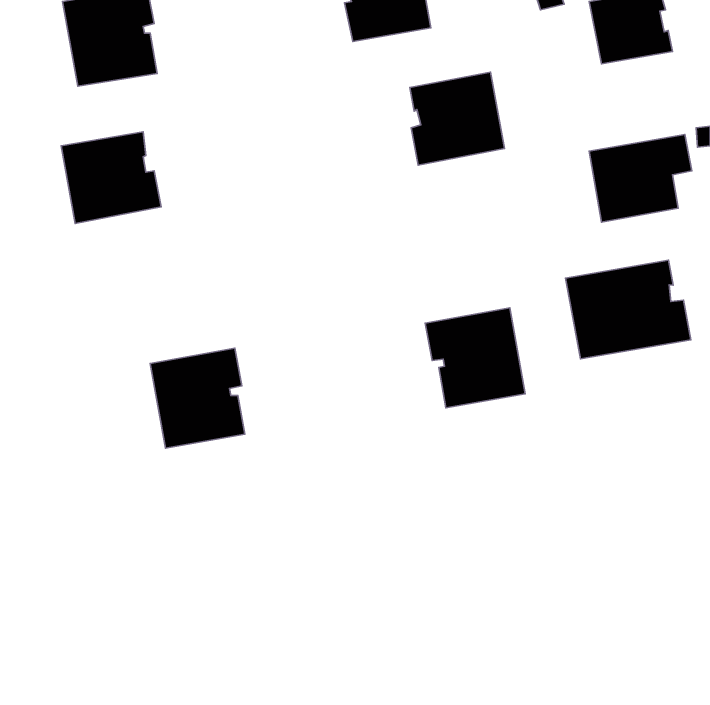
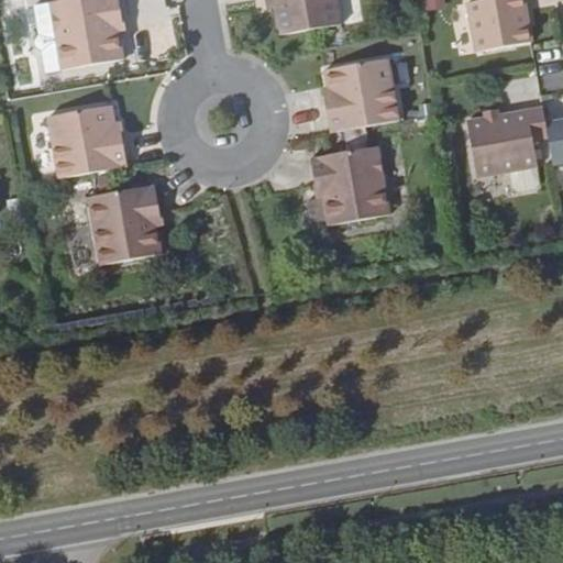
building: [565,260,691,359] -> none
building: [425,308,525,408] -> [311,144,390,223]
building: [150,348,245,448] -> [88,184,163,263]

